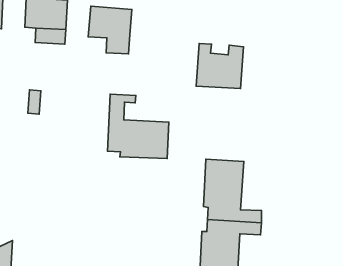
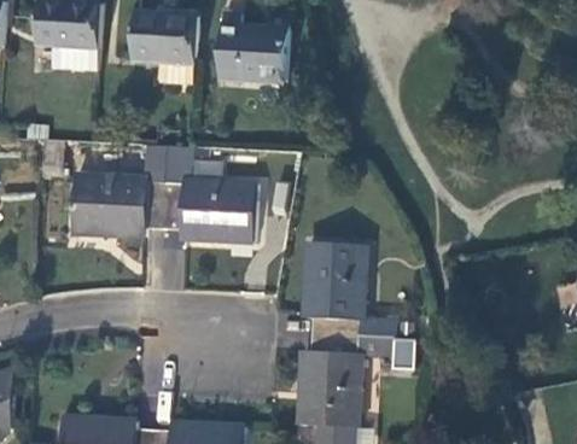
building: [196,43,244,89] -> [217,13,288,81]
building: none -> [71,144,165,236]

